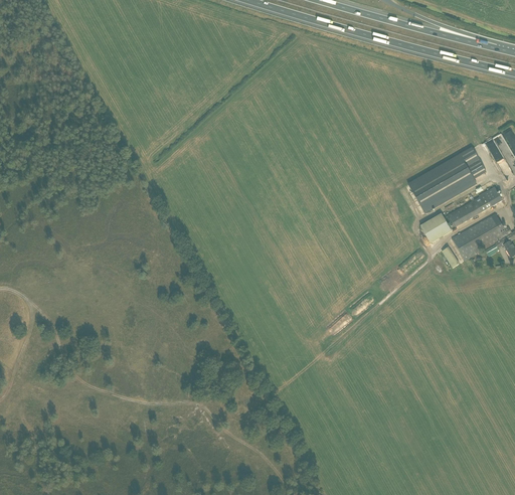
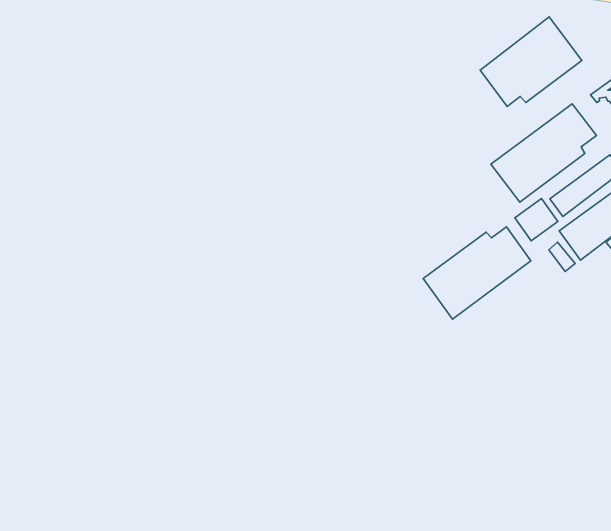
building: none -> [480,17,582,106]
building: none -> [423,227,531,319]

